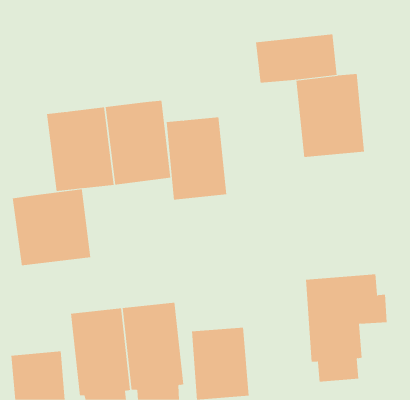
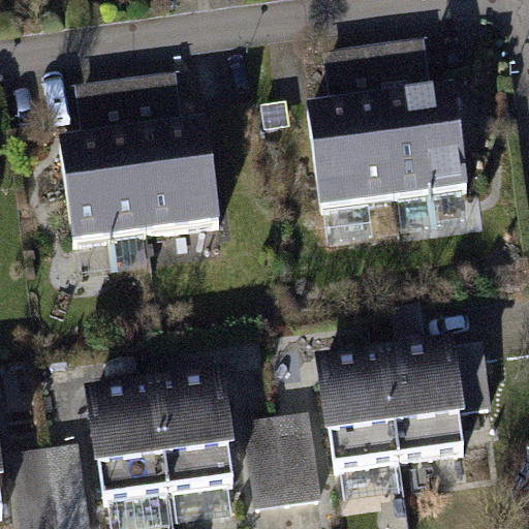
building: none -> [81,81,186,143]
building: [166,117,227,200] -> [310,102,388,209]
building: [12,189,91,266] -> none
building: none -> [322,357,398,498]

